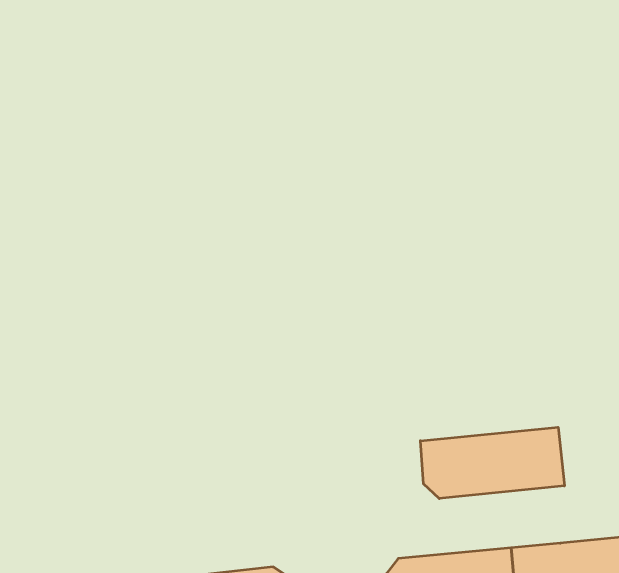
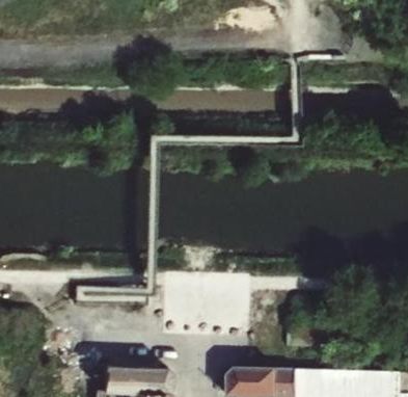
building: [420,427,564,499] -> none

